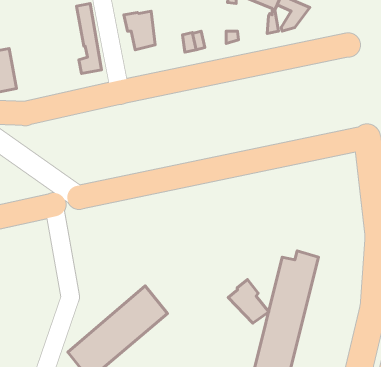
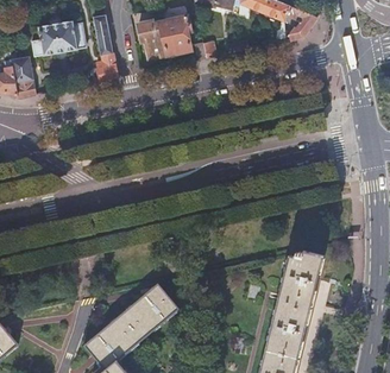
building: none -> [164,17,190,53]
building: none -> [32,20,86,55]
building: [228,279,269,323] -> none

